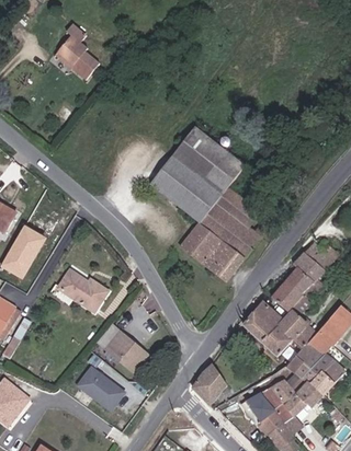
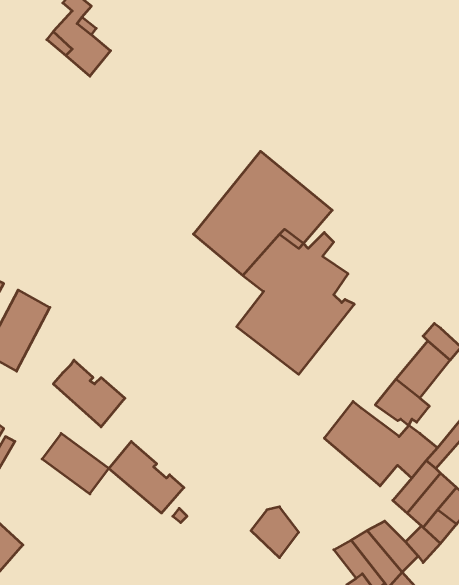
building: [79,370,125,412] -> [42,433,109,494]

